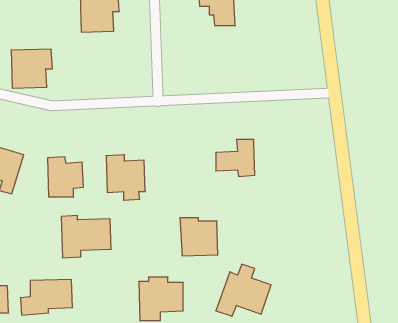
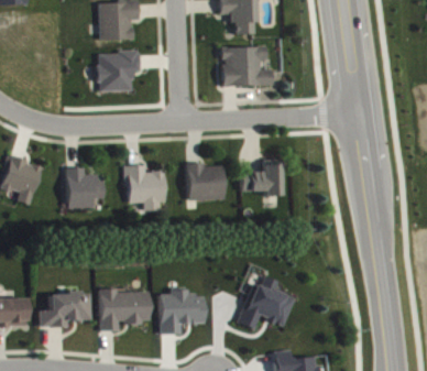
building: none -> [221,46,272,86]
building: [11,49,52,88] -> [97,52,139,91]
building: [61,216,111,258] -> [99,288,150,331]
building: [180,218,218,256] -> [186,163,225,201]

